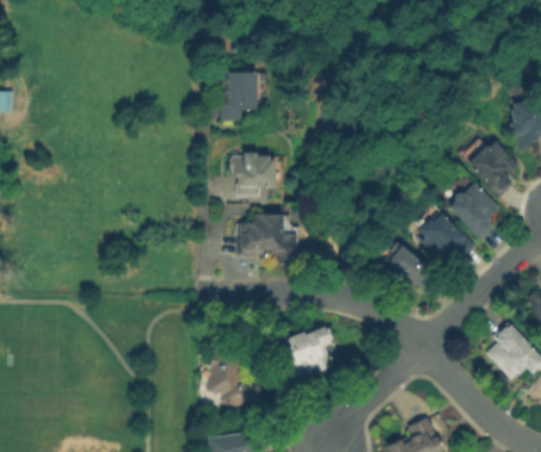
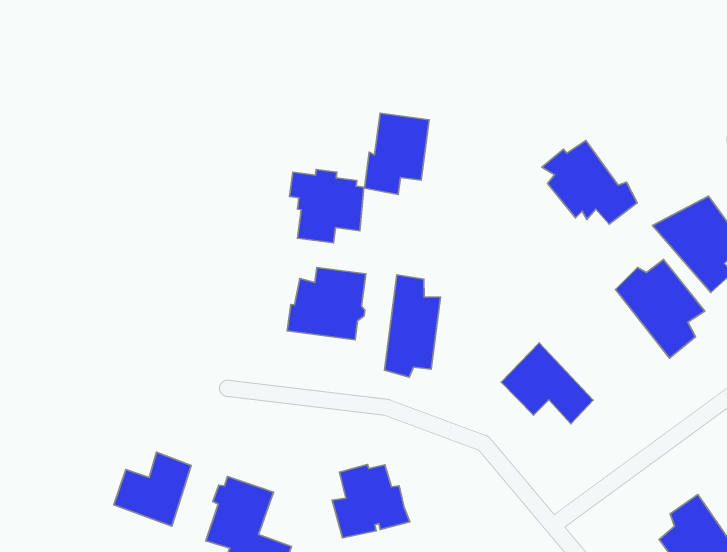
building: [219,69,253,118] -> [365,113,429,194]
building: [412,210,474,260] -> [542,140,637,224]
building: none -> [385,275,441,377]
building: none -> [114,452,191,526]

